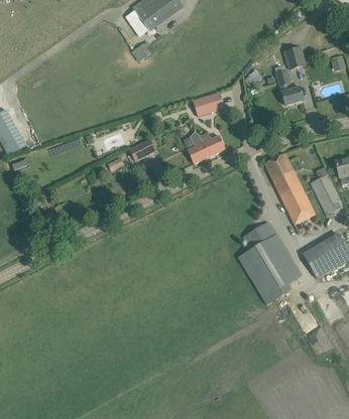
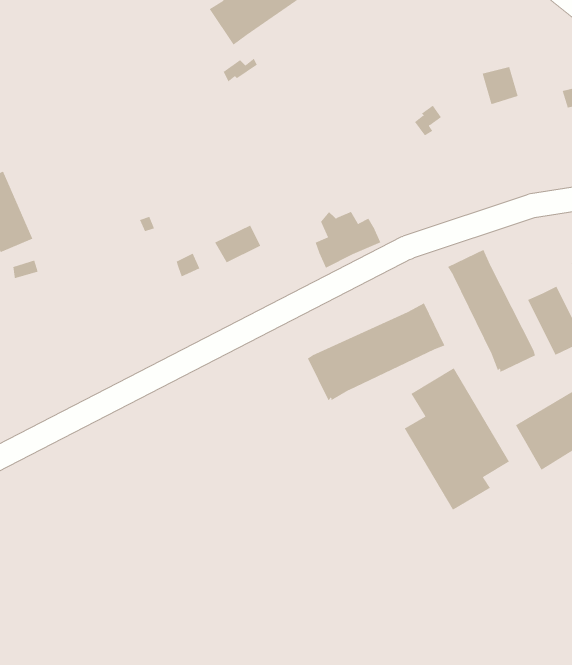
building: [275,69,303,105] -> none
building: [193,93,224,116] -> none
building: none -> [307,303,445,401]

